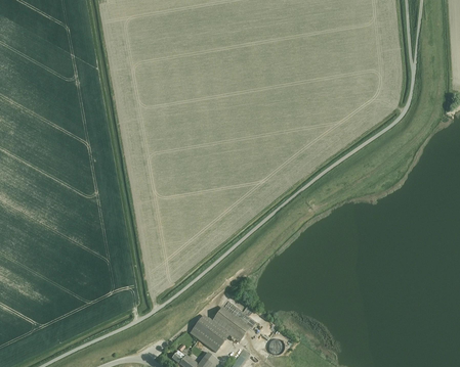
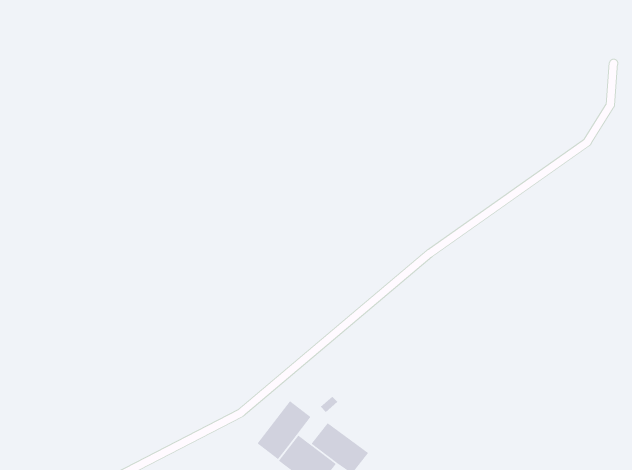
building: none -> [257,400,312,460]

